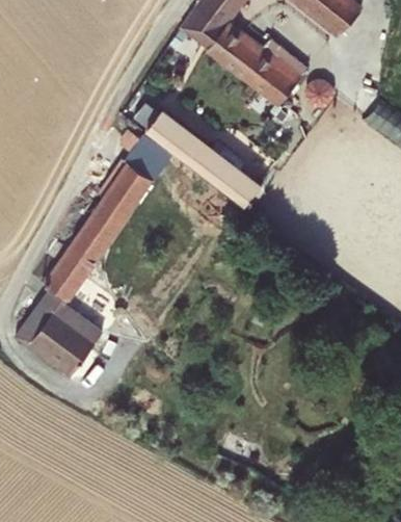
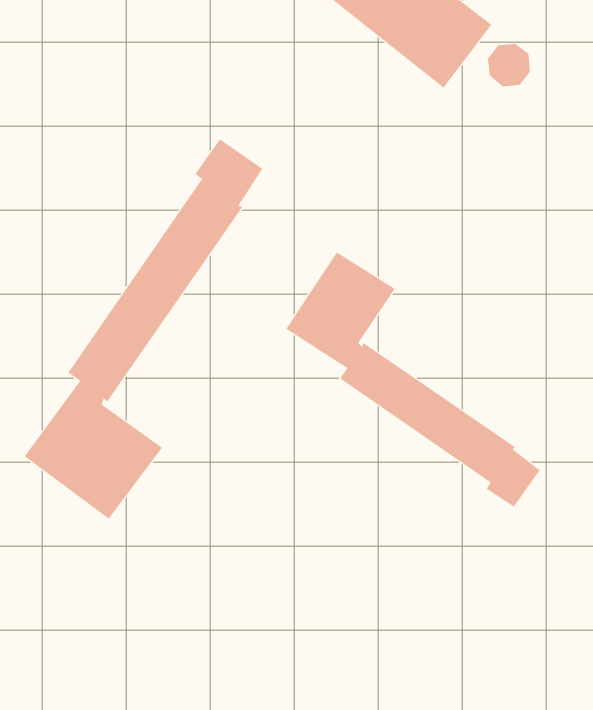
building: [132,101,259,203] -> none
building: none -> [286,251,541,508]

